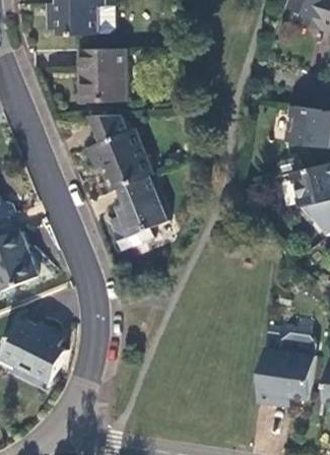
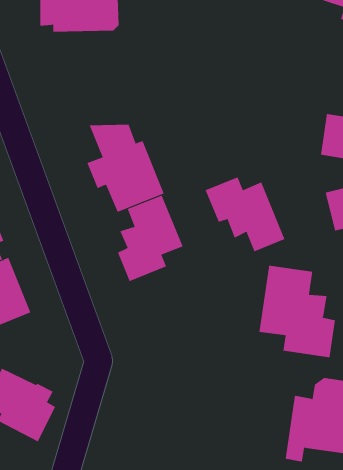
building: [79,48,127,100] -> none
building: none -> [205,176,285,252]
building: none -> [259,265,335,358]

